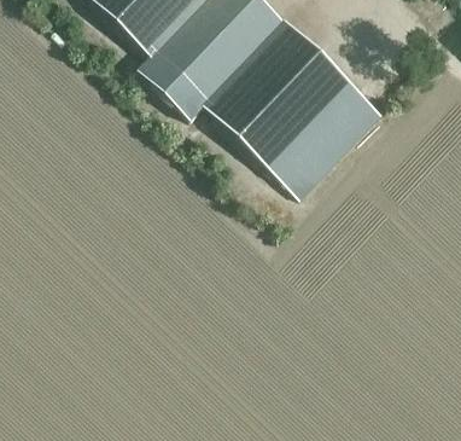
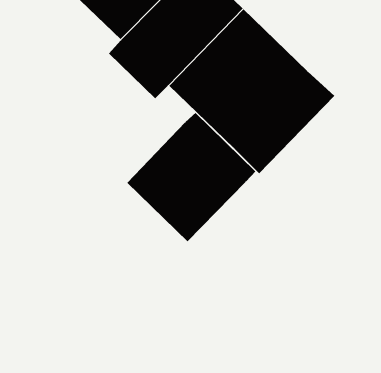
building: none -> [127,112,256,242]

